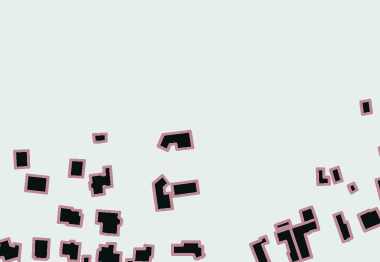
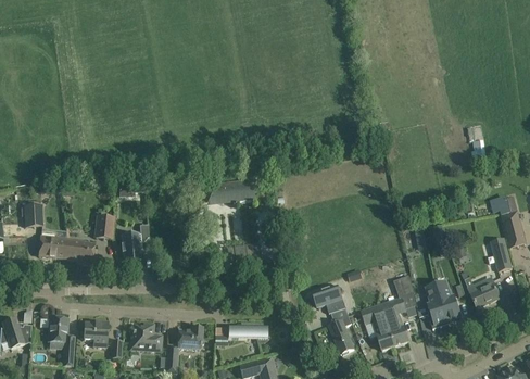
building: [153,176,173,210] -> none
building: [58,206,83,227] -> [65,238,97,264]
building: [96,210,122,235] -> none
building: none -> [313,283,345,313]
building: none -> [425,287,449,329]

